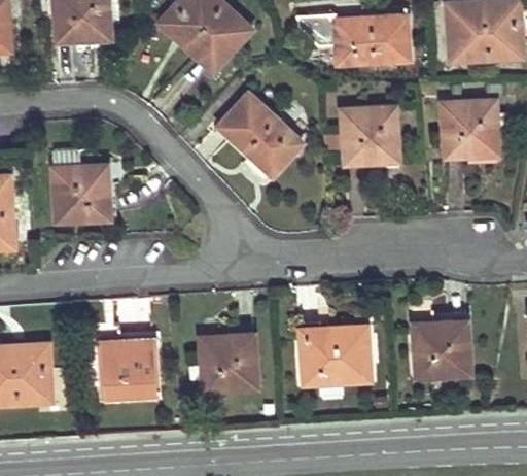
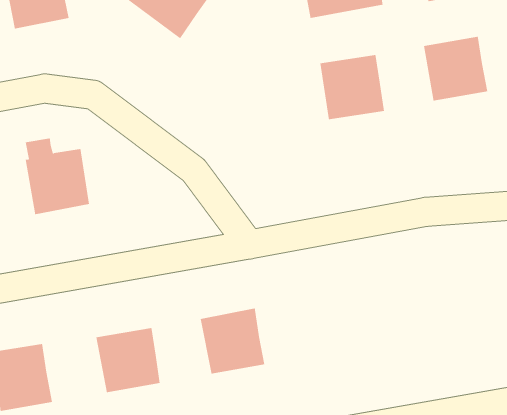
building: [219,94,301,175] -> none
building: [413,320,469,377] -> none
building: [301,326,371,384] -> none

